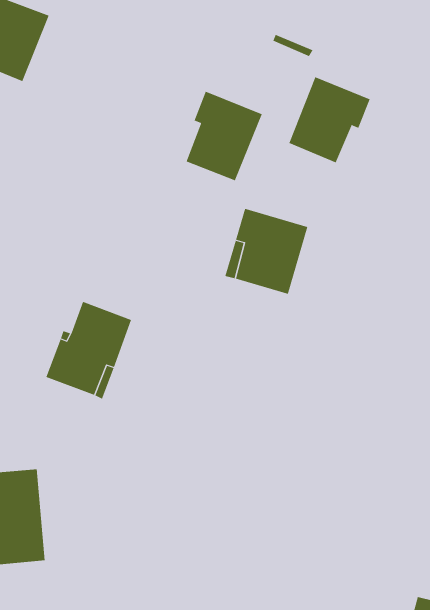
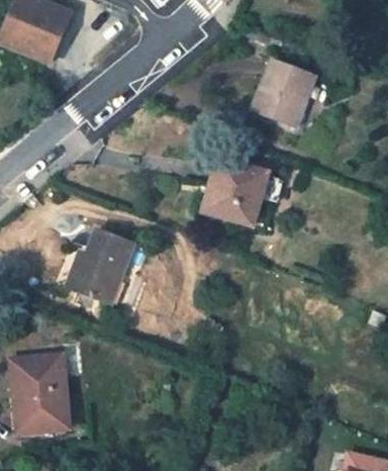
building: [186,91,263,181] -> none

